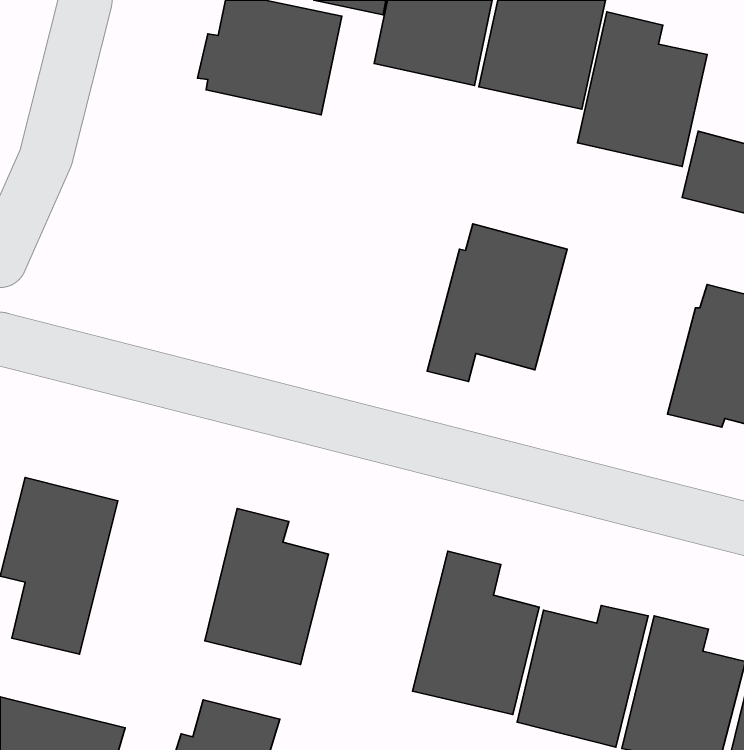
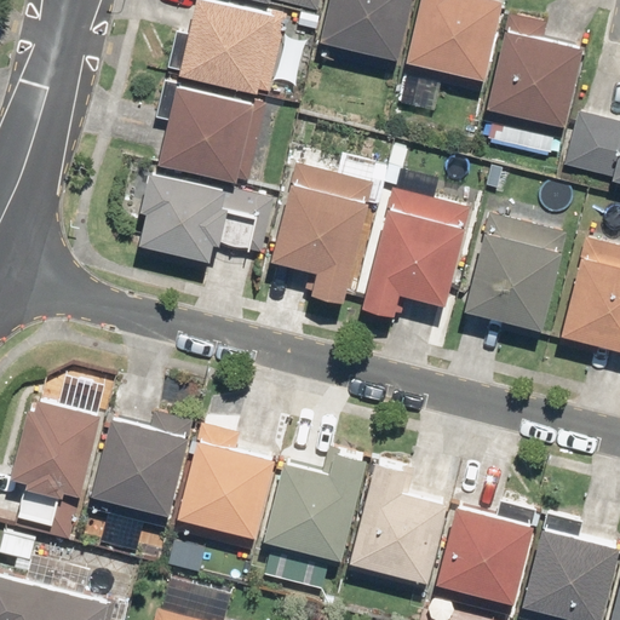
building: none -> [156,79,270,185]
building: none -> [269,150,383,304]
building: none -> [137,171,277,263]
building: none -> [461,213,569,329]
building: none -> [87,409,197,529]
building: none -> [260,450,369,568]

